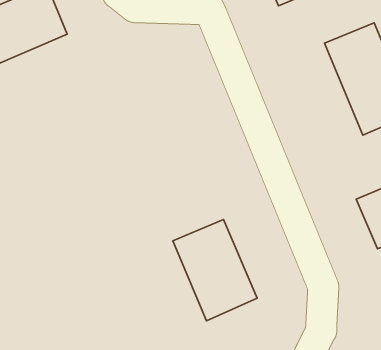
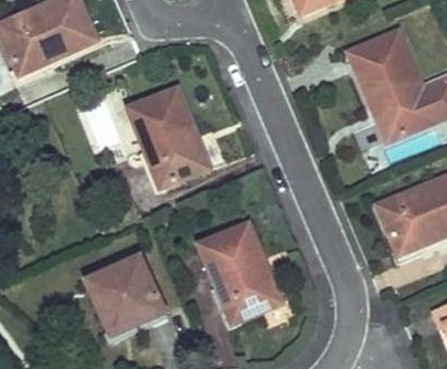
building: none -> [129,89,207,188]
building: none -> [87,257,166,328]

